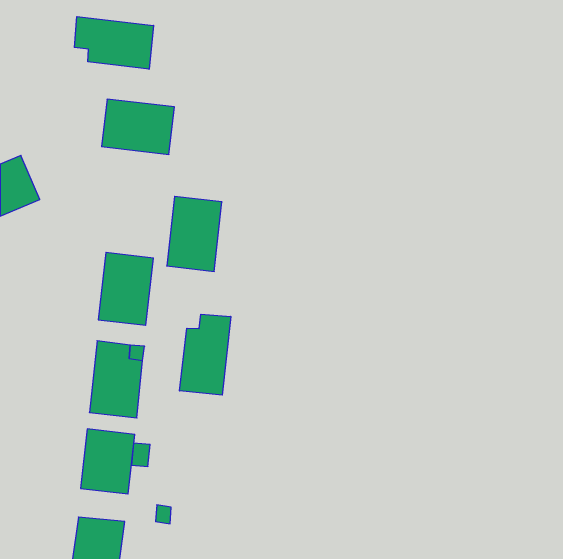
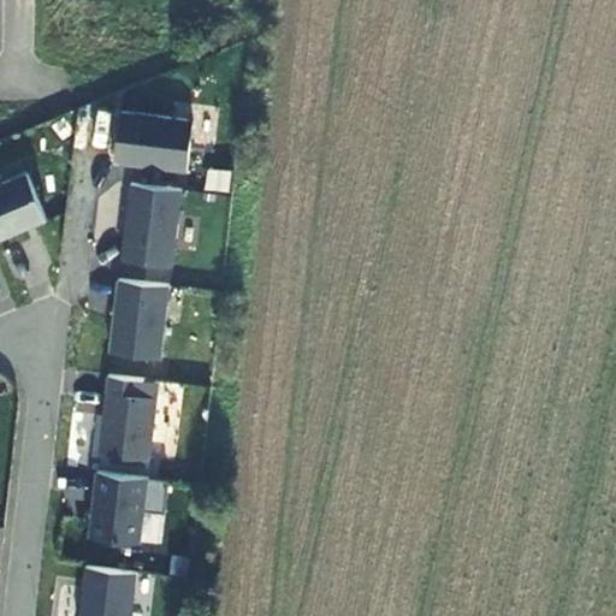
building: [74,17,154,69] -> none
building: [167,196,222,271] -> [120,185,180,267]
building: [180,314,231,395] -> none

